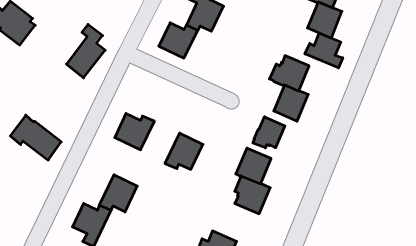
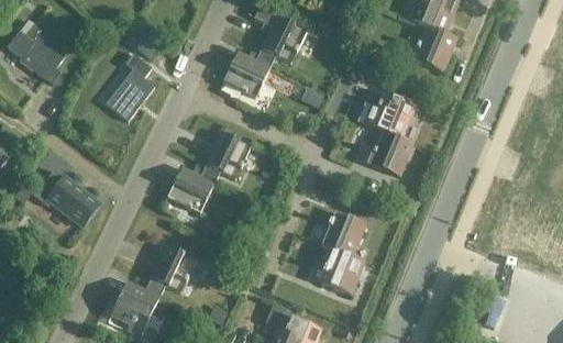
building: [305,33,343,68] -> none
building: [253,117,285,148] -> none
building: [165,133,203,169] -> [202,131,251,177]

